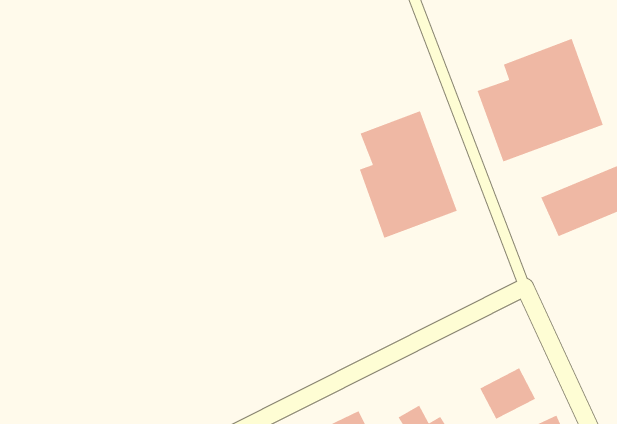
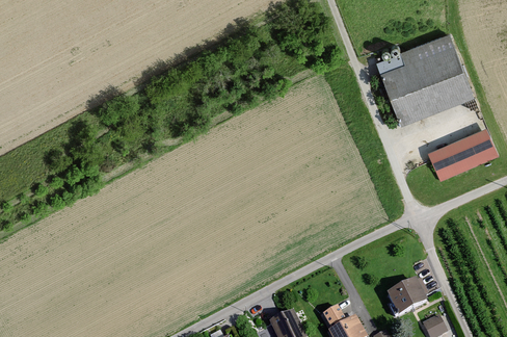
building: [359,110,458,239] -> none

